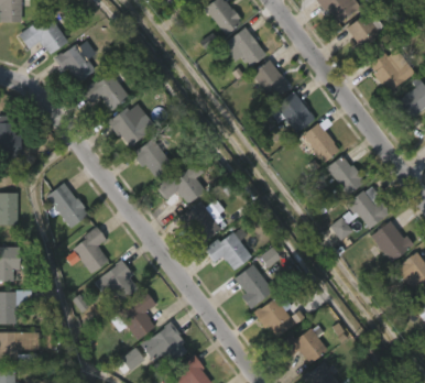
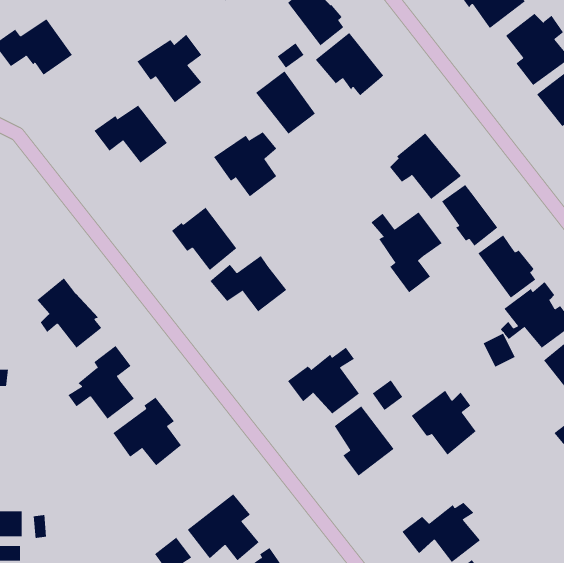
building: [55,40,97,84] -> [136,34,202,103]
building: [252,59,291,100] -> [255,70,316,134]
building: [107,105,148,146] -> [213,131,277,197]
building: none -> [370,211,443,293]
building: [179,203,221,242] -> none
building: [111,291,156,340] -> none
building: [251,296,293,338] -> [411,390,476,455]

